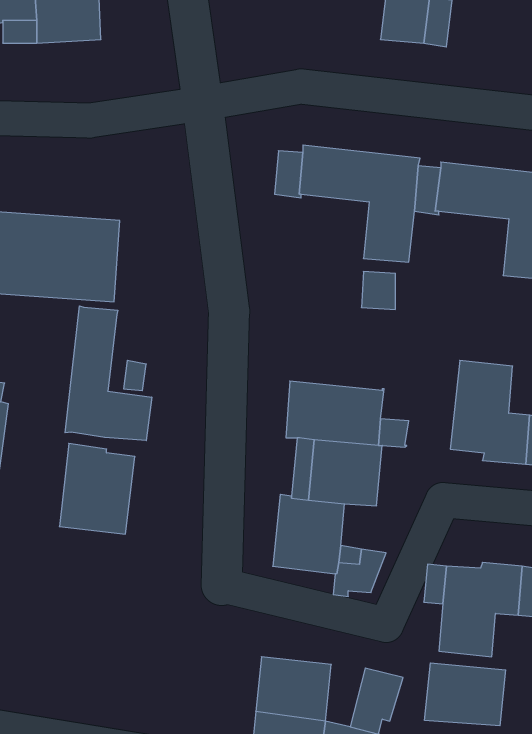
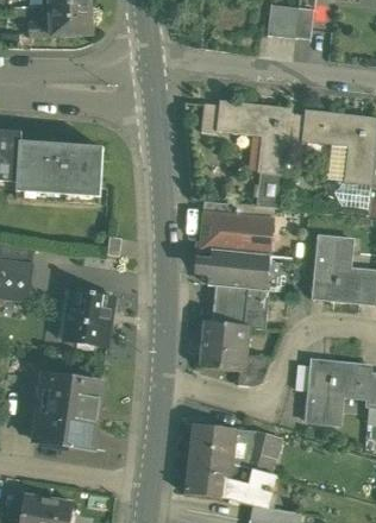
building: [65,306,152,441] -> none
building: none -> [202,213,272,254]
building: none -> [35,373,101,447]
building: [425,663,506,726] -> none

